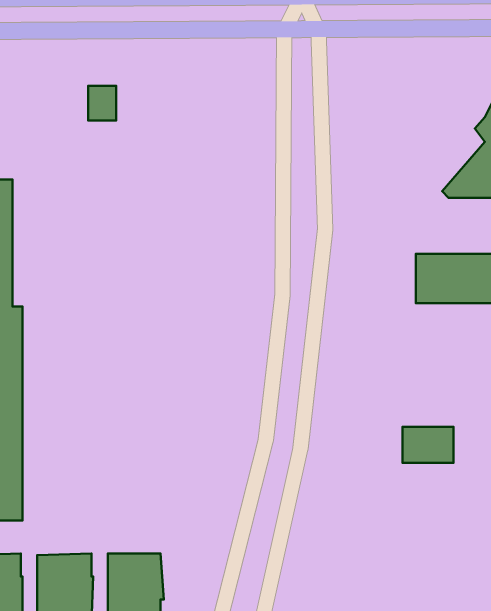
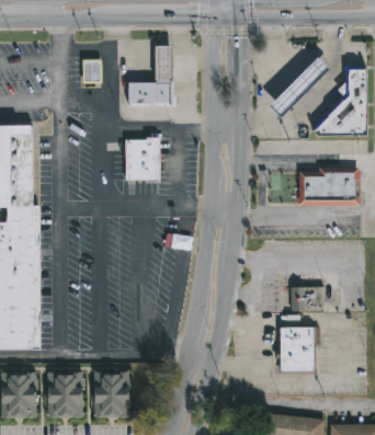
building: none -> [128,44,172,104]
building: none -> [273,57,330,116]
building: none -> [125,137,160,182]
building: none -> [281,327,315,371]

